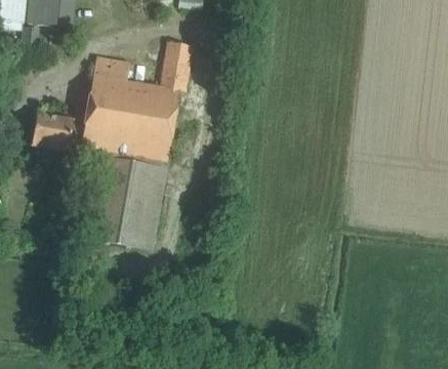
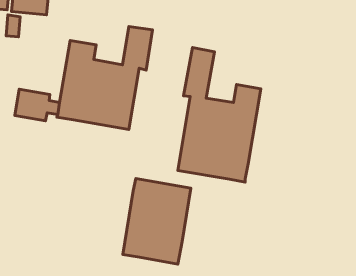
building: none -> [178,48,261,182]
building: [86,150,166,250] -> [123,179,191,264]

